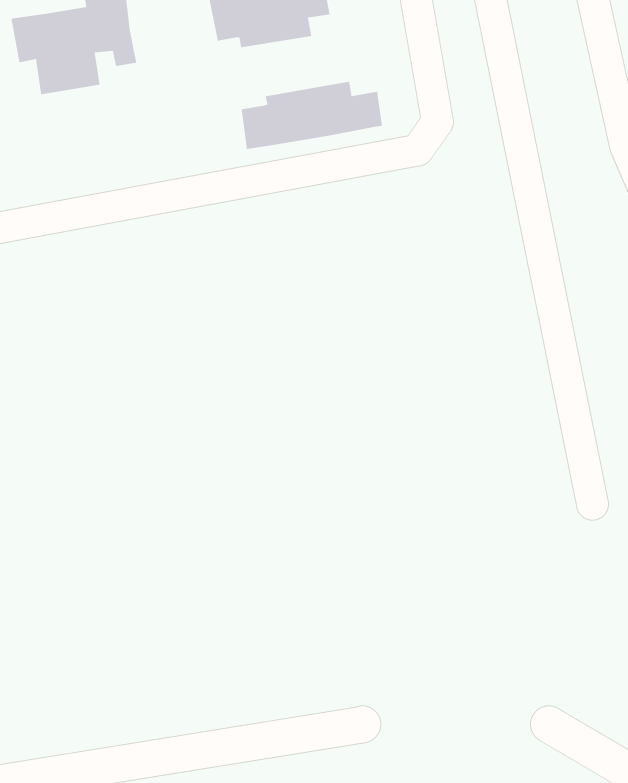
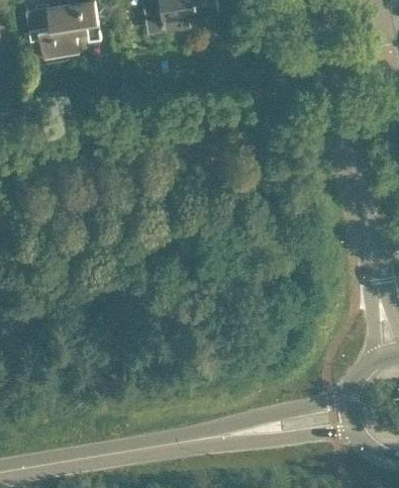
building: [241,81,383,150] -> none

